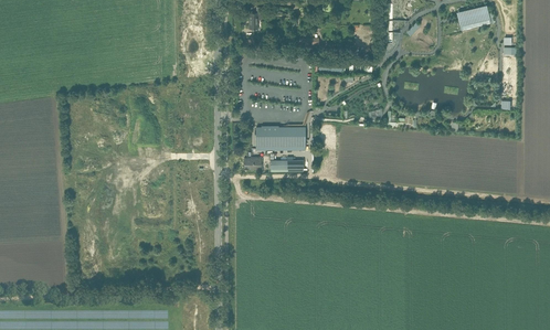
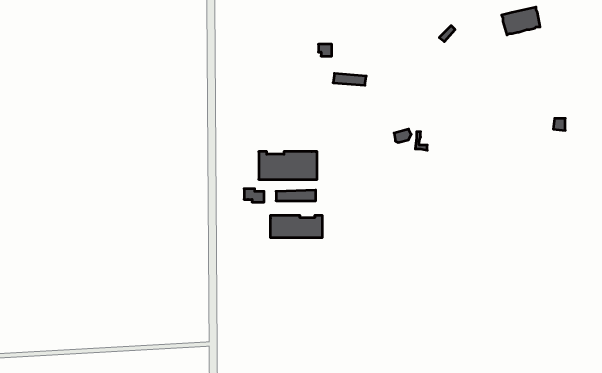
building: none -> [271,215,322,238]

